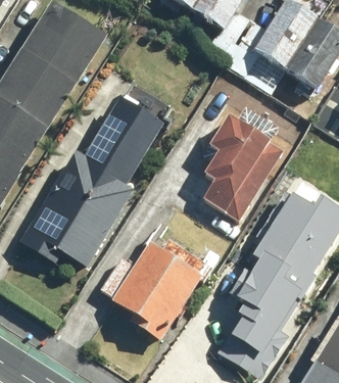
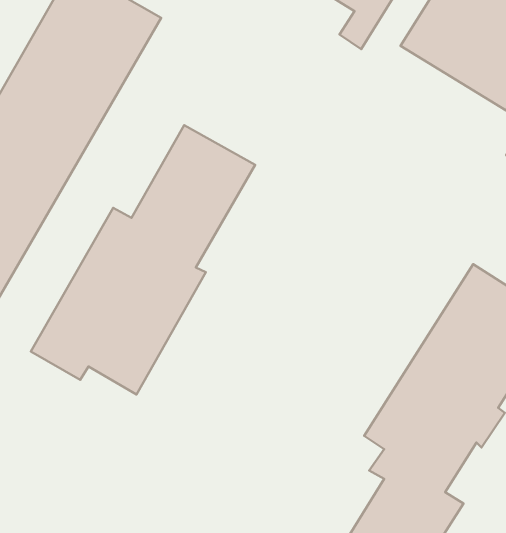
building: [200,114,283,221] -> none
building: [99,236,208,342] -> none

